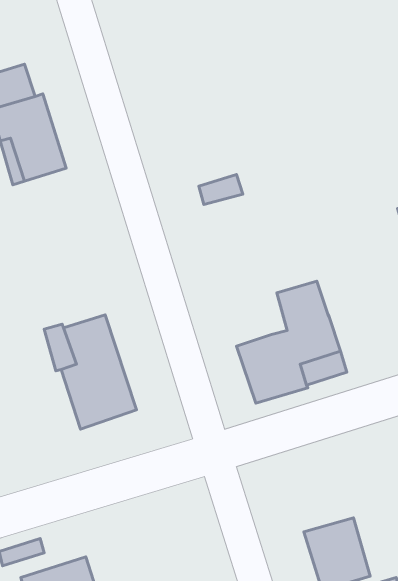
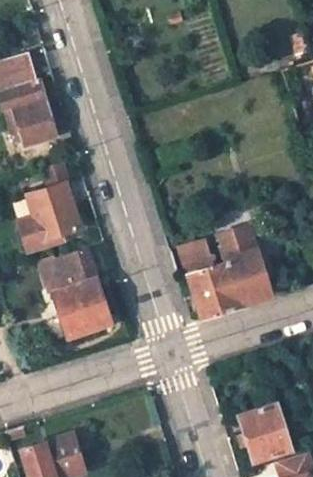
building: none -> [28,185,80,241]
building: none -> [180,239,215,274]

